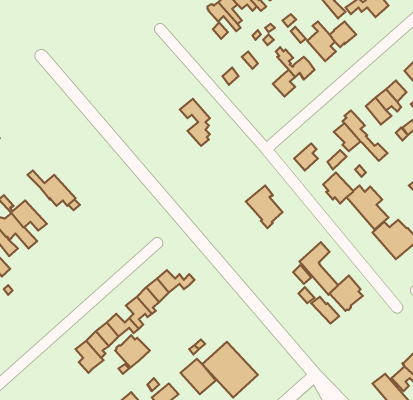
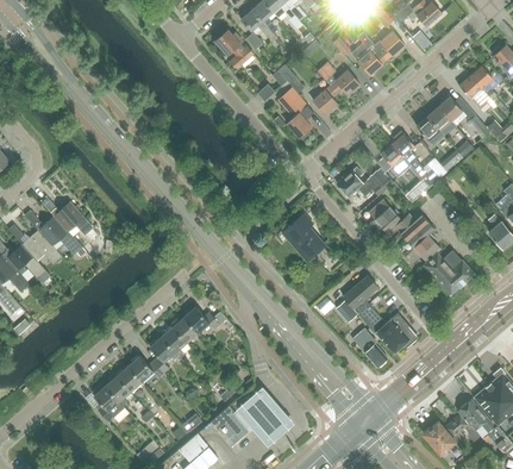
building: none -> [214,30,254,69]
building: [180,99,210,146] -> [279,87,312,139]
building: none -> [25,210,82,255]
building: [115,335,150,368] -> none

